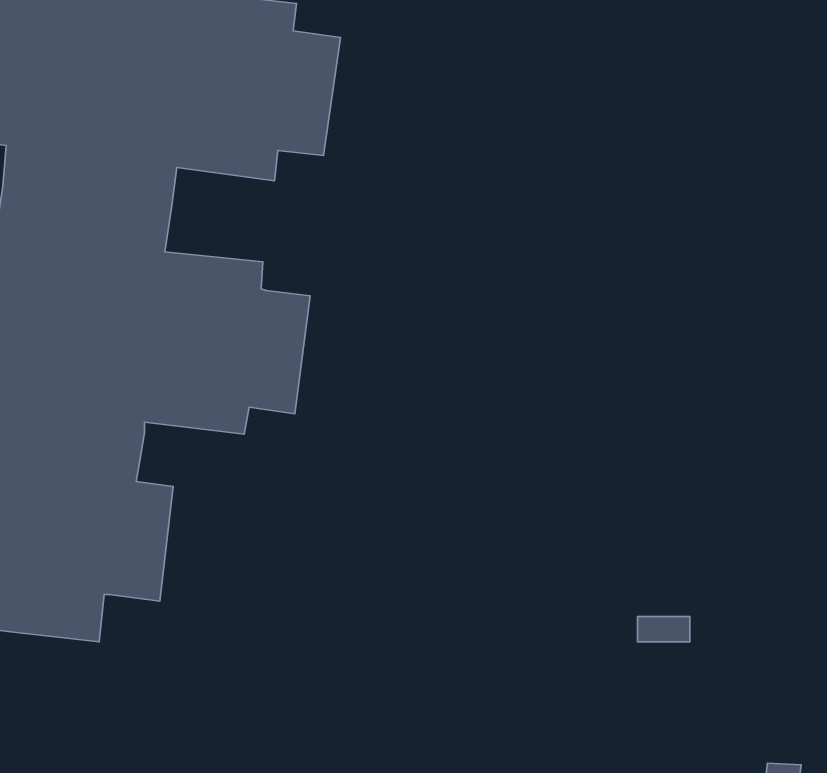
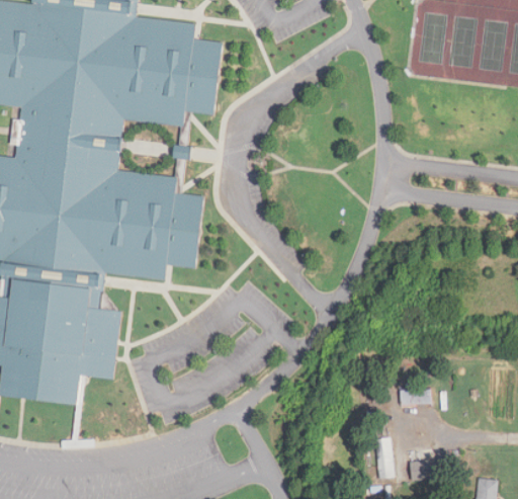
building: none -> [373,437,393,478]
building: none -> [410,461,430,479]

